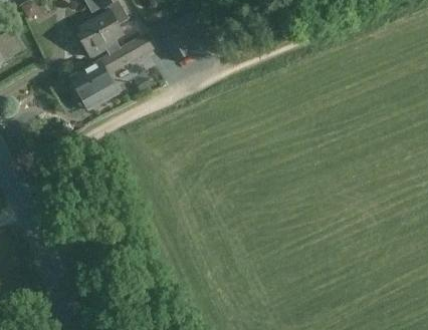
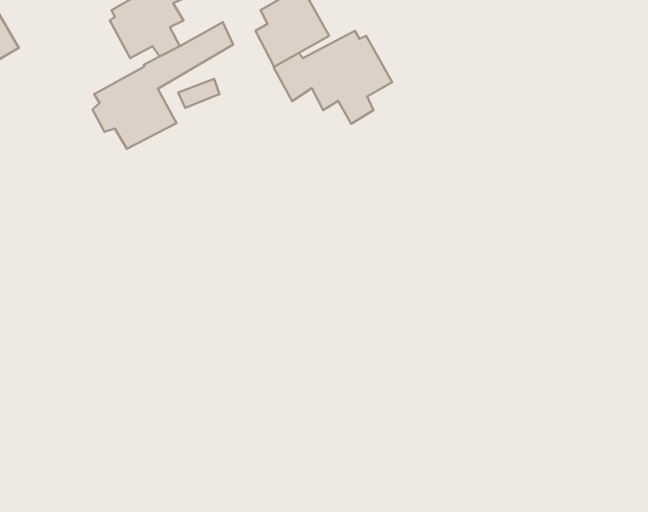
building: none -> [274,31,392,124]

